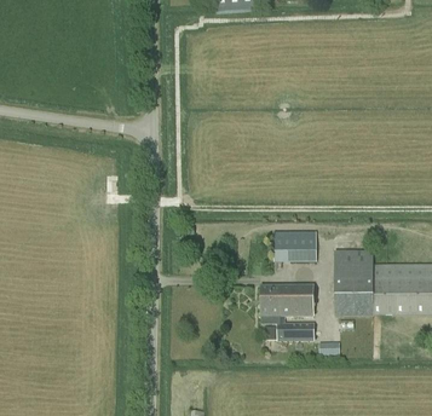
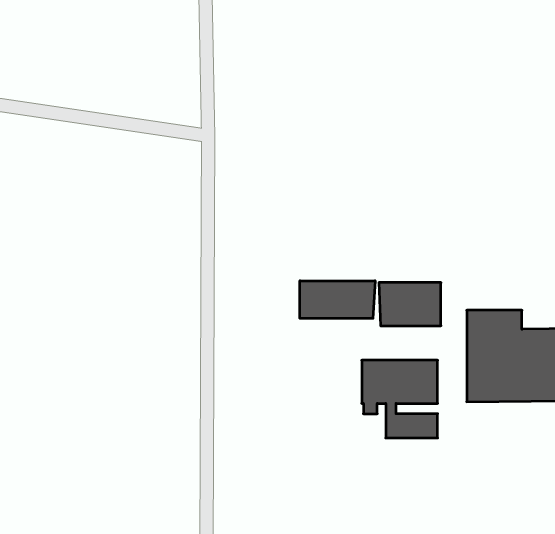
building: none -> [300,281,375,318]

